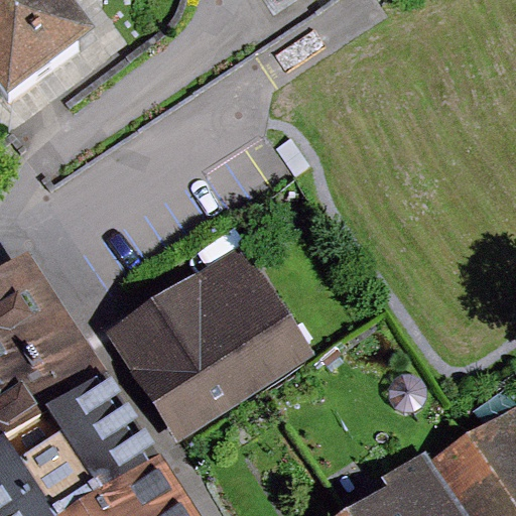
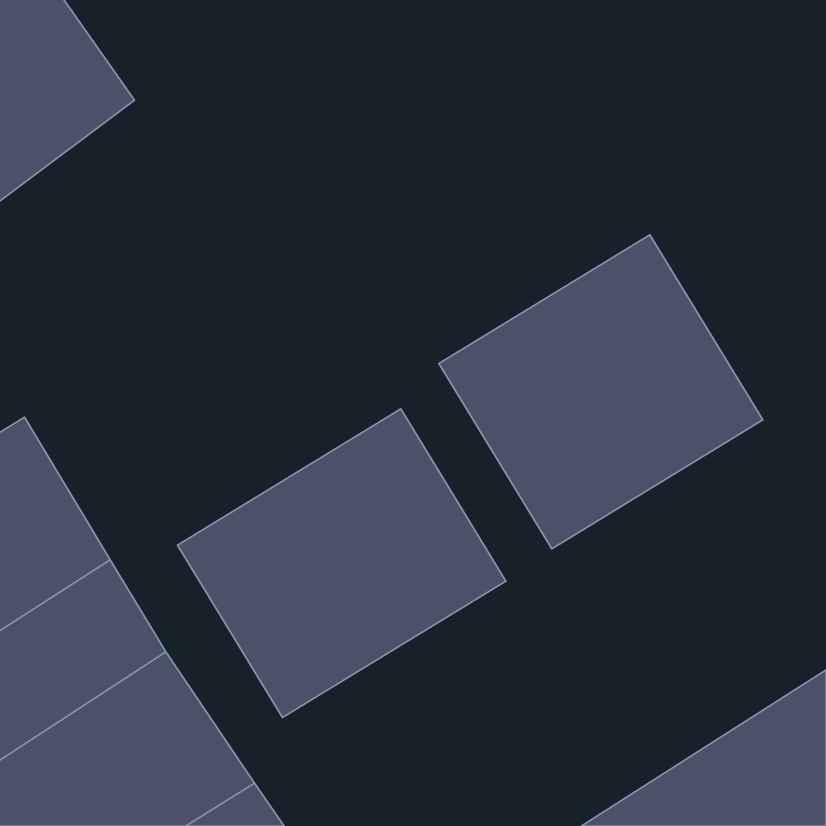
building: none -> [439,235,763,549]

